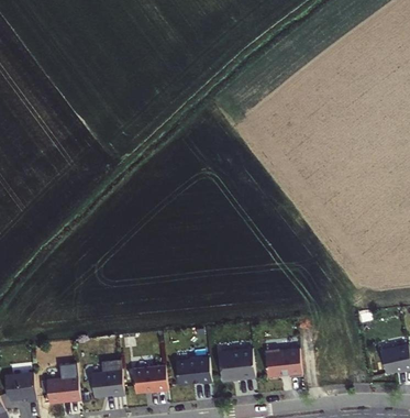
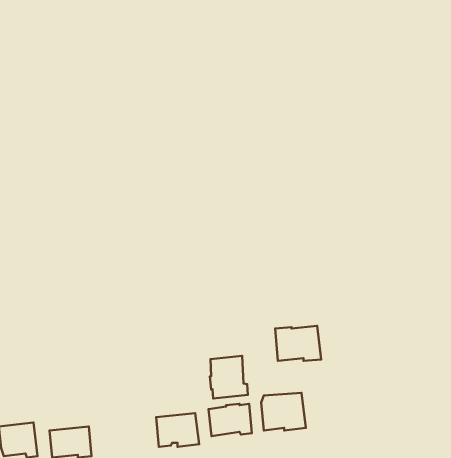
building: none -> [210,356,248,398]
building: [264,346,301,375] -> [275,326,321,361]
building: [90,370,123,396] -> none

